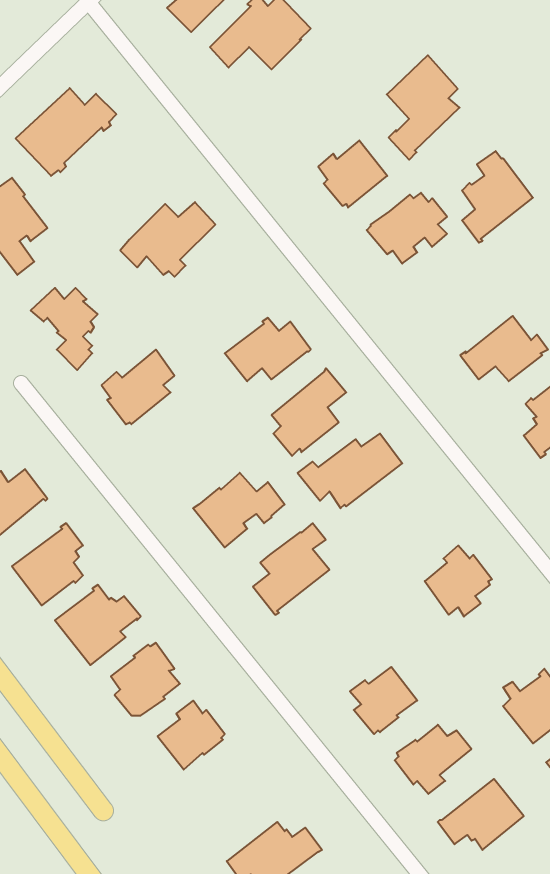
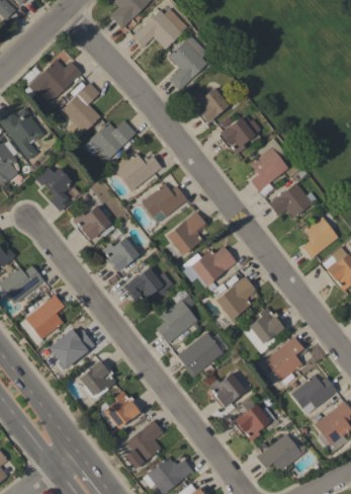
building: [387,55,460,160] -> [168,34,207,91]
building: none -> [62,83,100,139]
building: [462,151,533,243] -> [250,143,288,192]
building: none -> [111,153,162,191]
building: none -> [102,237,140,272]
building: none -> [215,276,256,320]
building: none -> [176,332,224,378]
building: none -> [264,335,303,381]
building: none -> [123,420,163,470]

